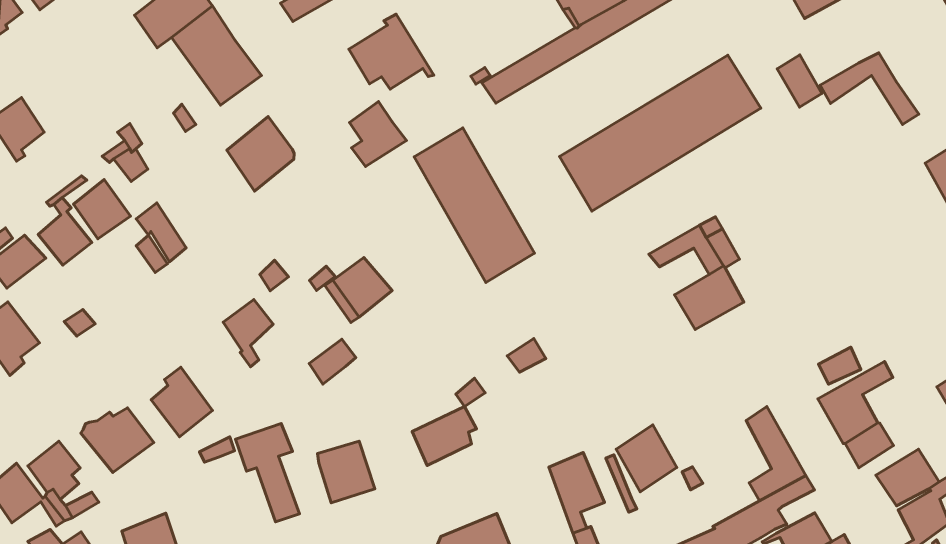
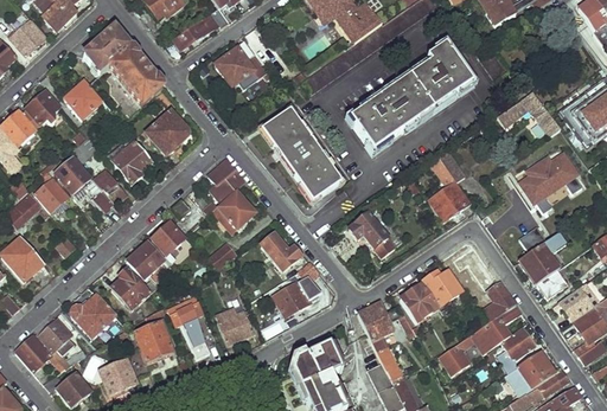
building: [820,53,919,124] -> [499,92,561,135]
building: none -> [65,81,102,117]
building: none -> [26,94,58,124]
building: [350,102,406,166] -> [210,159,245,199]
building: none -> [114,140,154,184]
building: none -> [516,147,584,213]
building: none -> [349,213,395,259]
building: none -> [128,243,164,280]
building: none -> [261,235,301,271]
building: none -> [423,269,461,304]
building: none -> [130,323,172,364]

